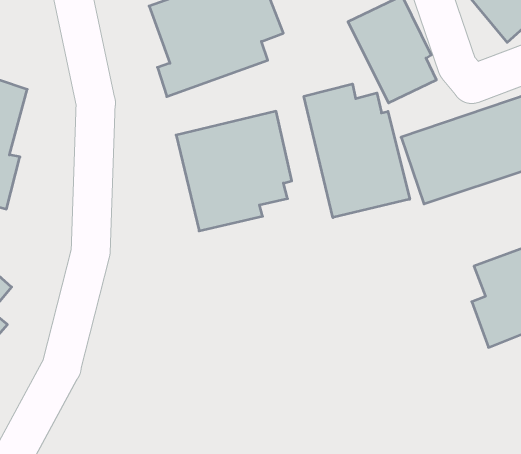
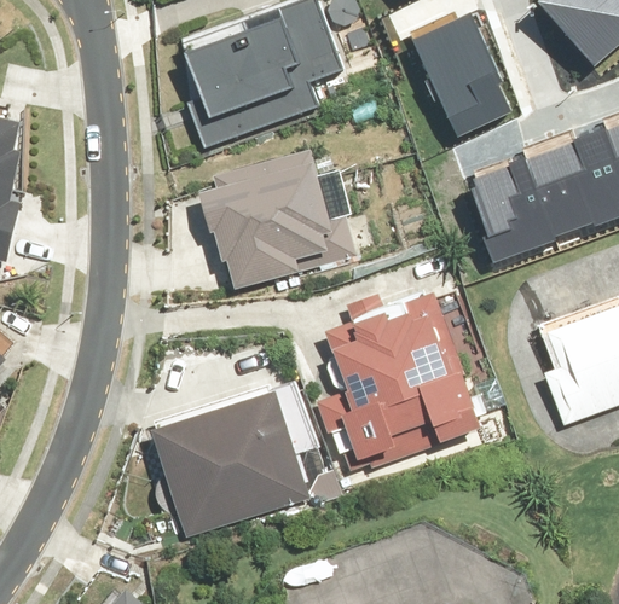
building: [304,84,410,218] -> none
building: none -> [322,290,488,474]
building: none -> [160,390,316,535]

